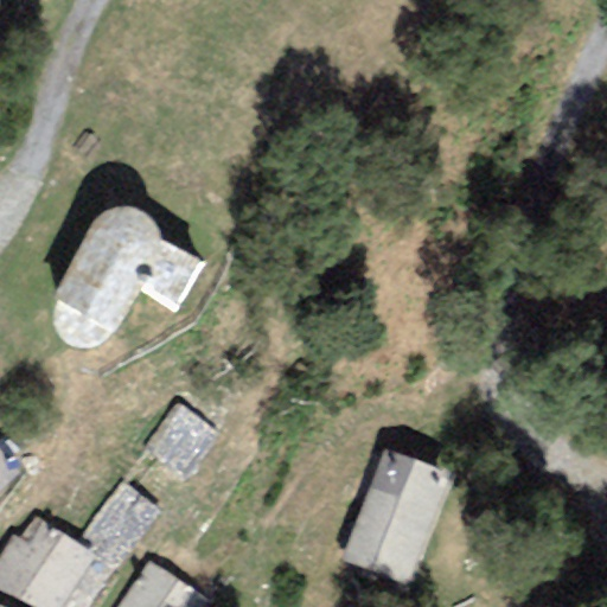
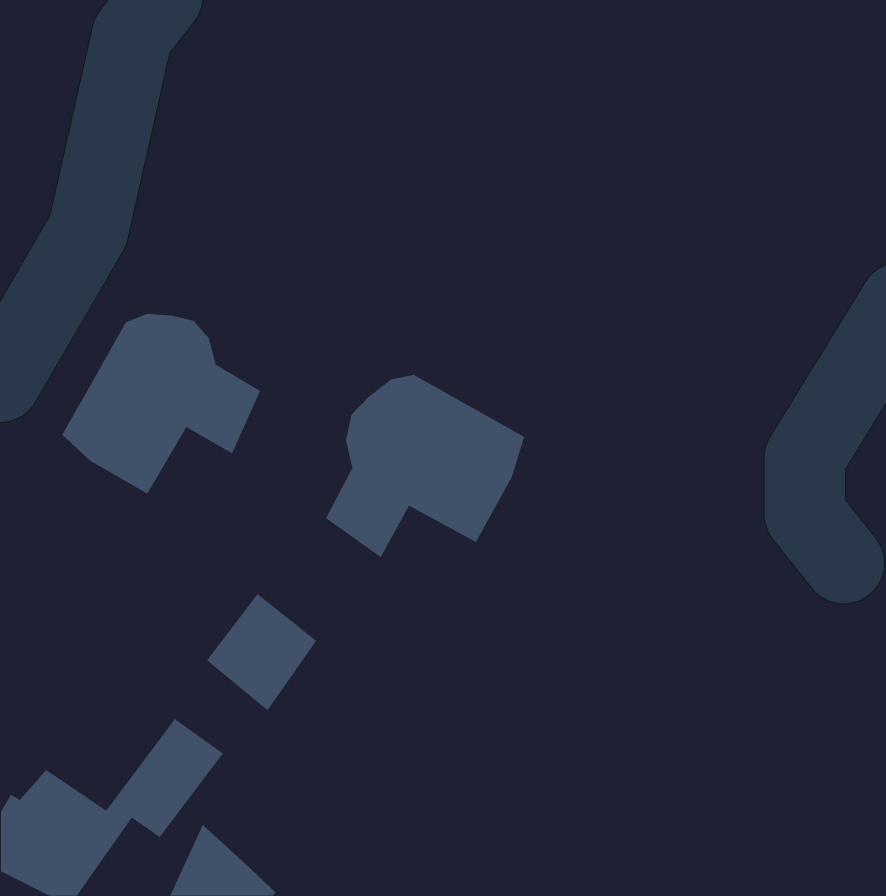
building: none -> [325,374,525,558]
building: [338,452,455,595] -> none

